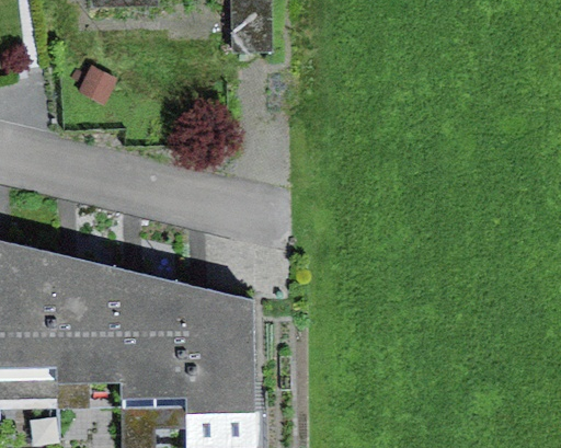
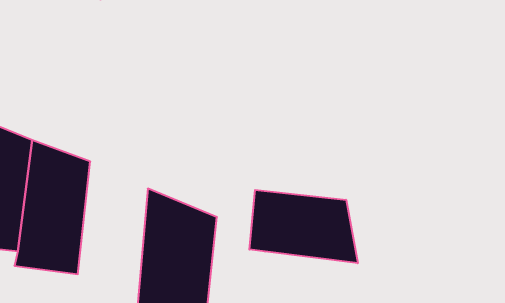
building: [116,266,185,395] -> none
building: none -> [249,190,358,263]

